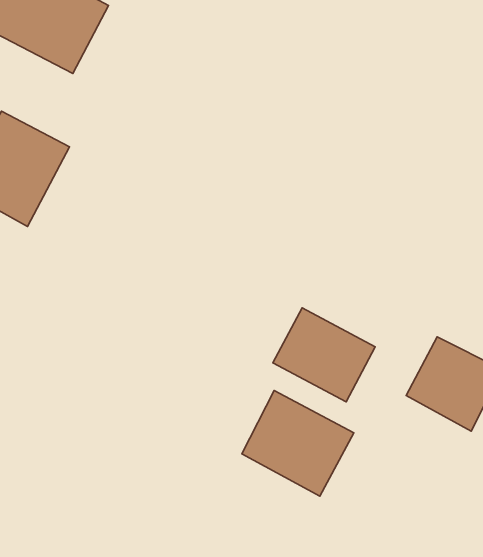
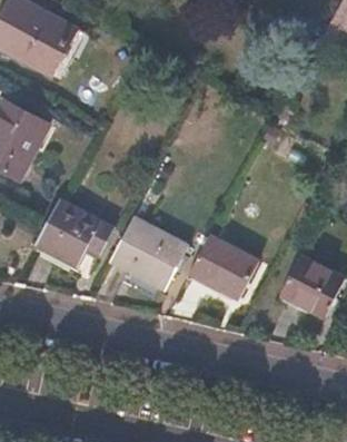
building: none -> [34,200,112,266]
building: [242,390,354,496] -> [110,218,187,291]

